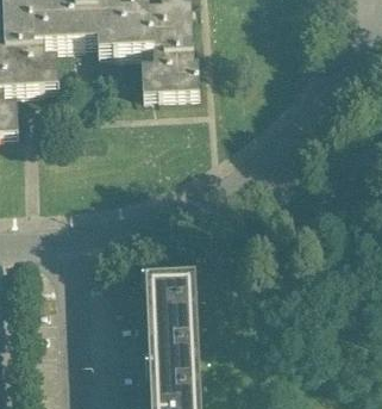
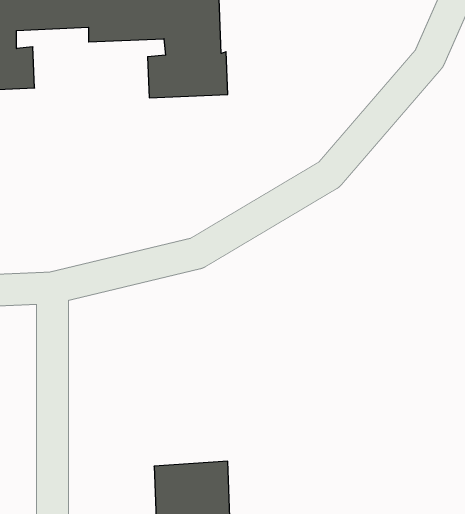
building: [139,279,198,370] -> none

